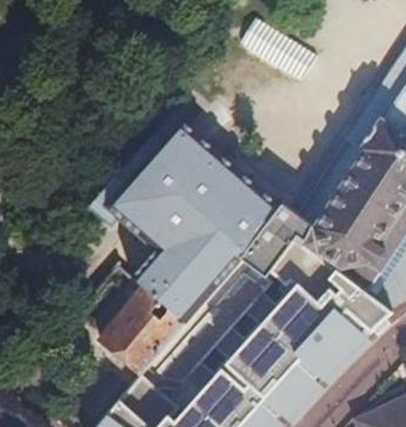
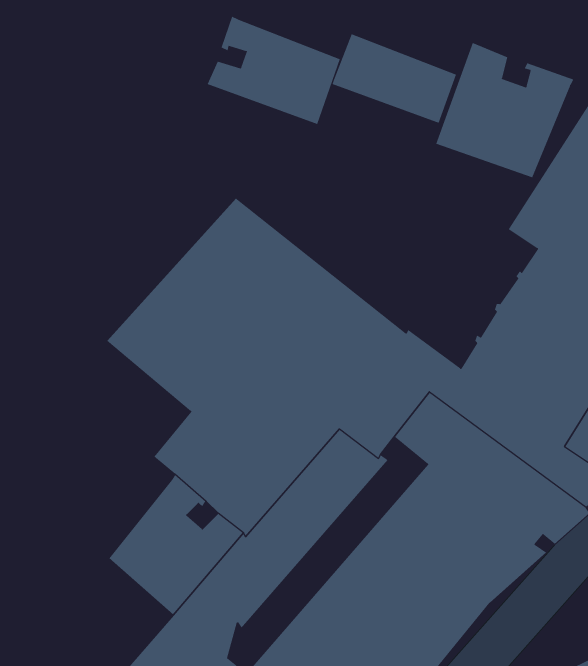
building: none -> [207,16,340,125]
building: none -> [435,42,574,178]

